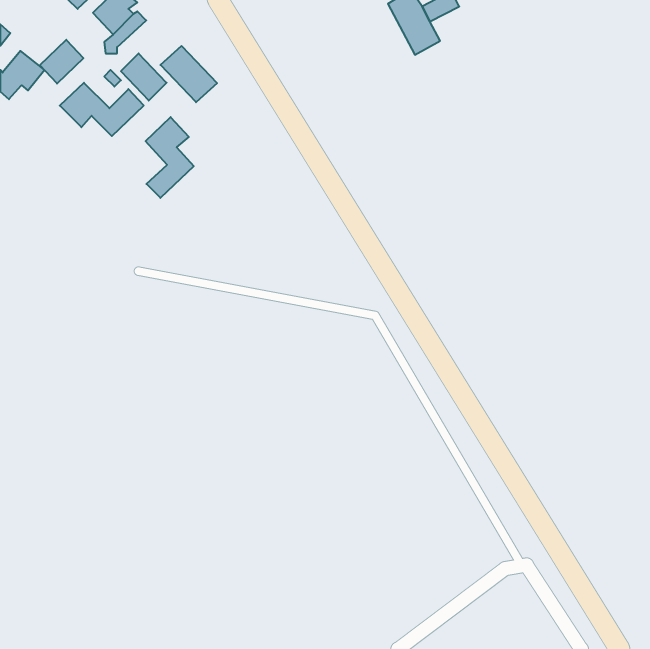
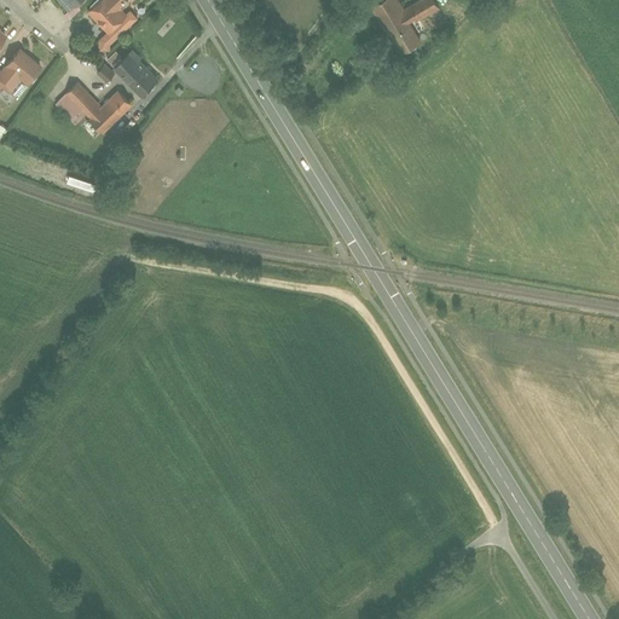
building: [40,40,83,84] -> none
building: [160,46,217,102] -> none
building: [146,117,194,198] -> none

